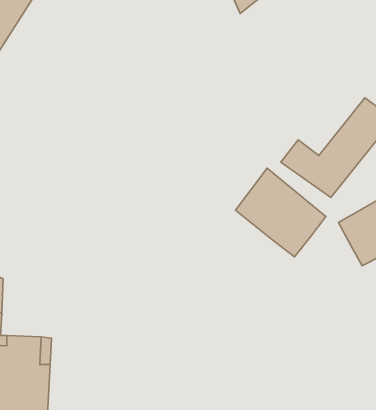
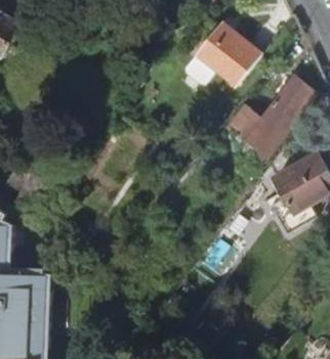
building: none -> [195,23,259,86]
building: [235,168,326,257] -> none

